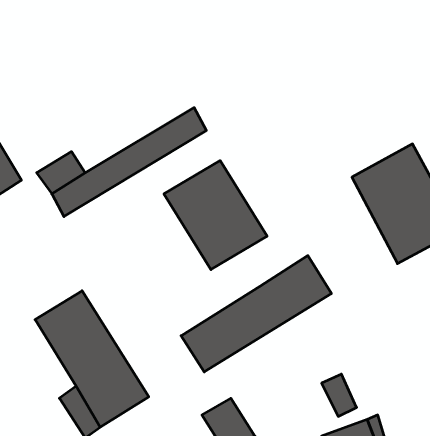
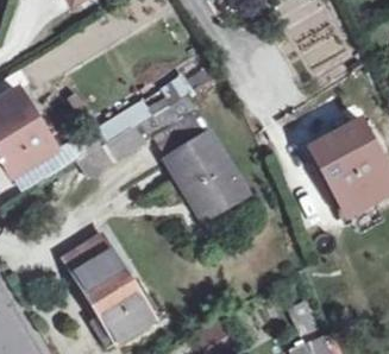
building: [181,256,331,372] -> none

